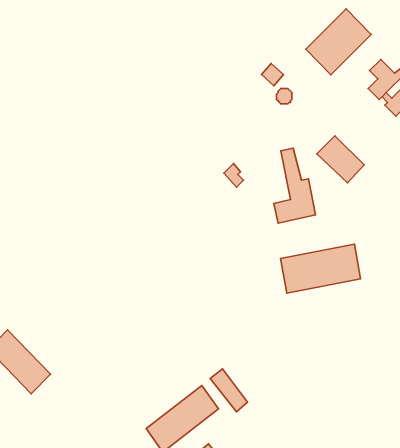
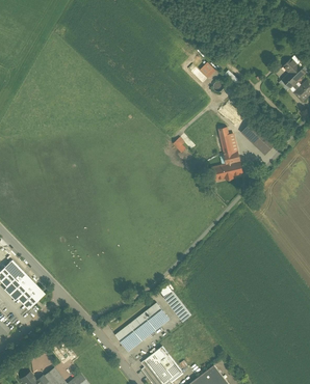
building: [306,9,371,75] -> none
building: [281,244,361,293] -> none

